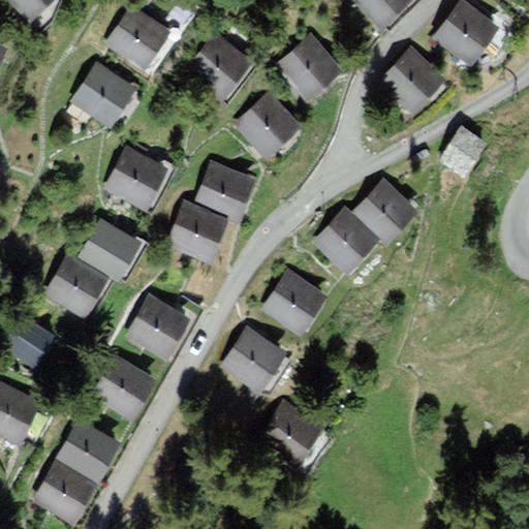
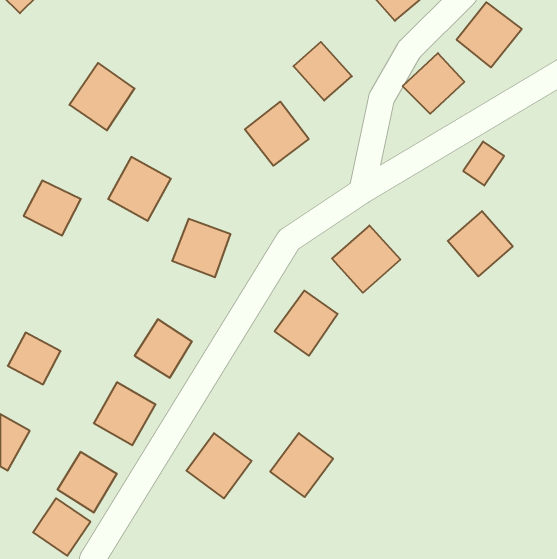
building: [106,5,167,66] -> none
building: [186,31,249,95] -> none
building: [197,165,252,219] -> none
building: [357,184,418,245] -> [448,211,513,276]
building: [81,221,134,273] -> [24,180,81,236]
building: [48,258,100,312] -> none
building: [221,332,282,393] -> [186,433,252,498]

